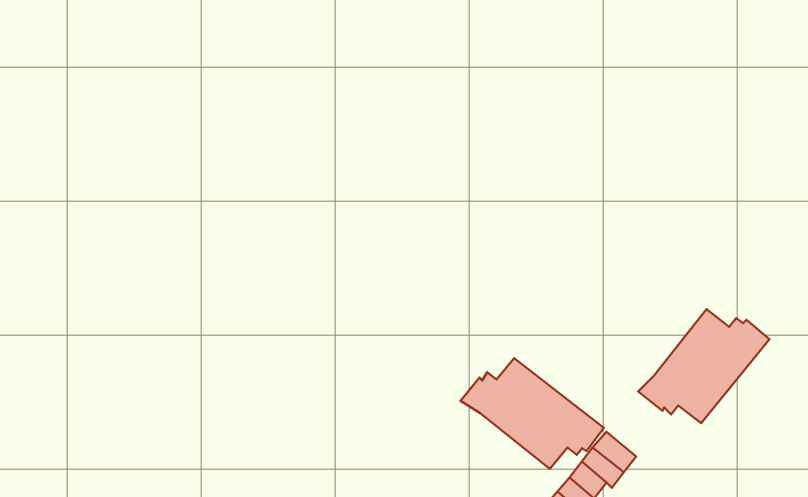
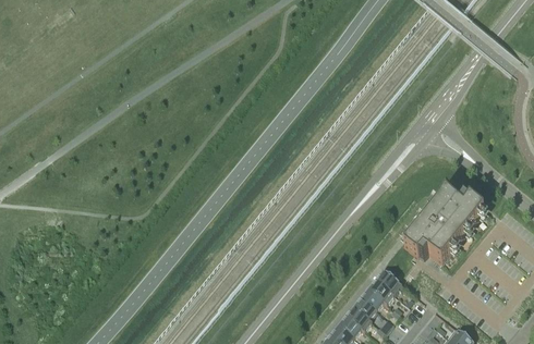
building: [461,358,604,469] -> none

